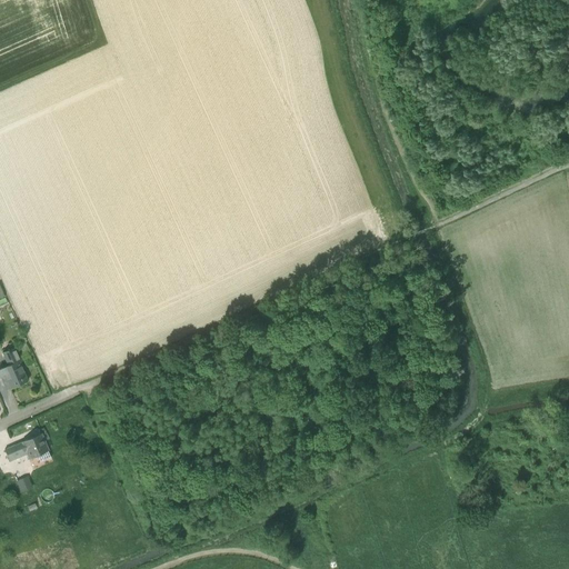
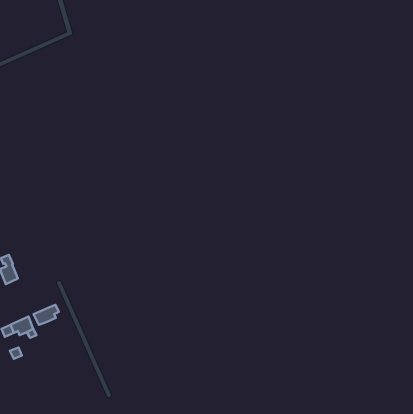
building: none -> [34,305,59,325]

